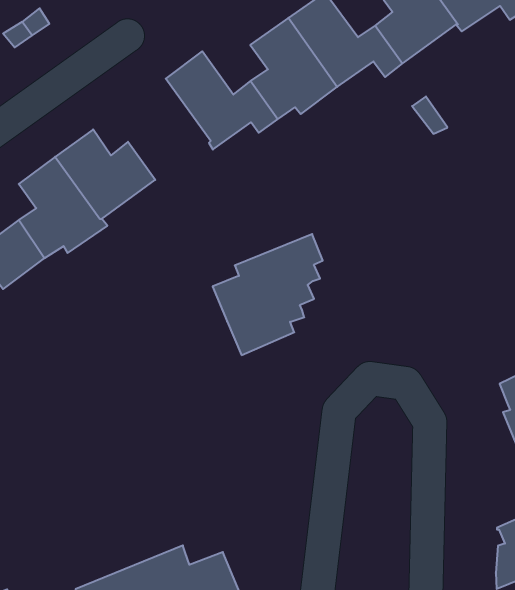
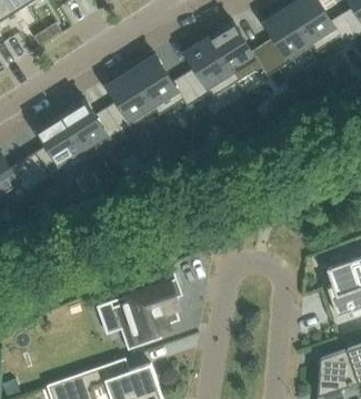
building: none -> [107,70,158,132]
building: [213,234,323,355] -> [113,278,182,350]

